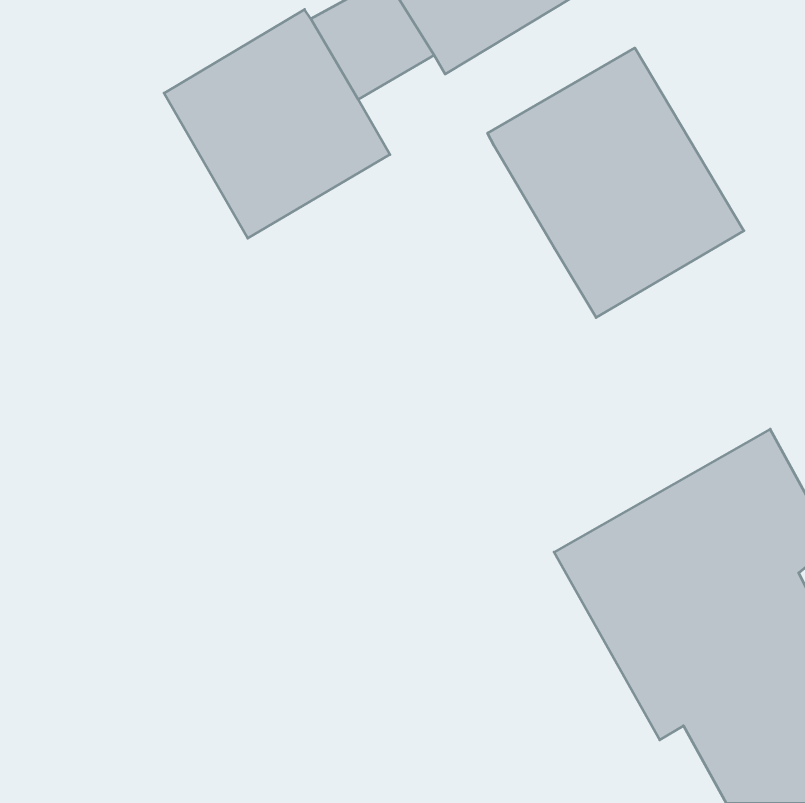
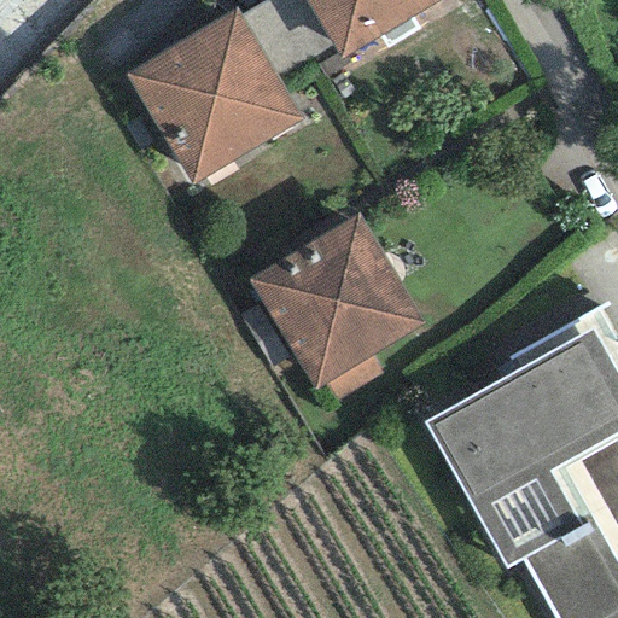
building: [488,48,744,318] -> none
building: none -> [250,212,426,387]

